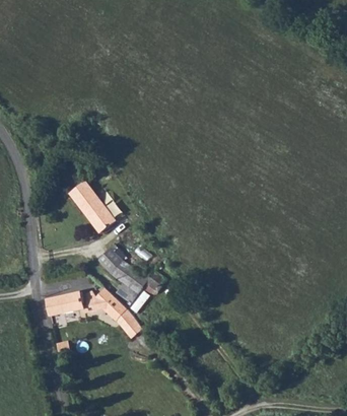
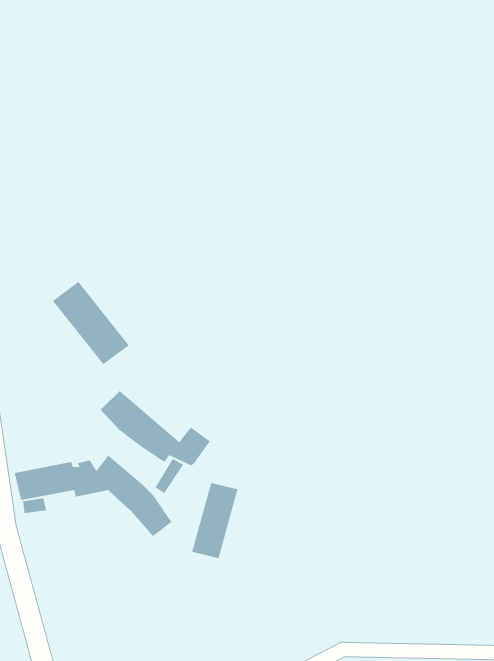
building: none -> [191,482,238,559]

